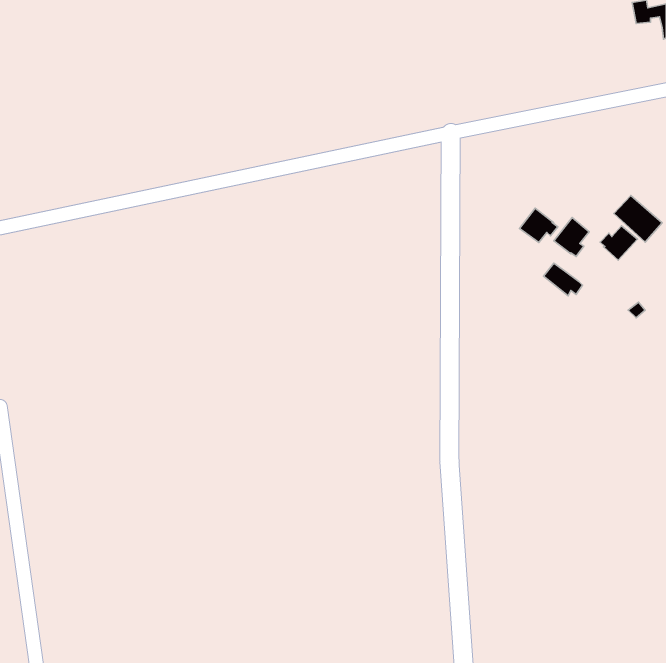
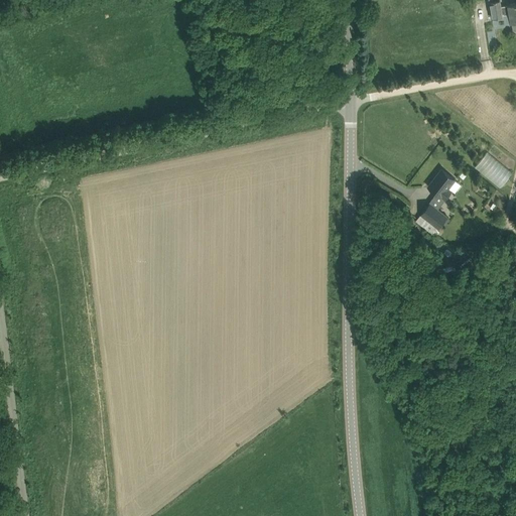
building: [519,208,558,243] -> none
building: [600,226,638,260] -> none

